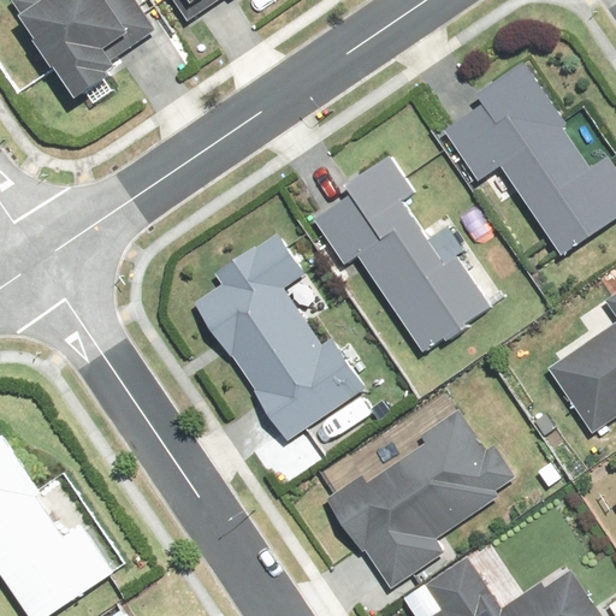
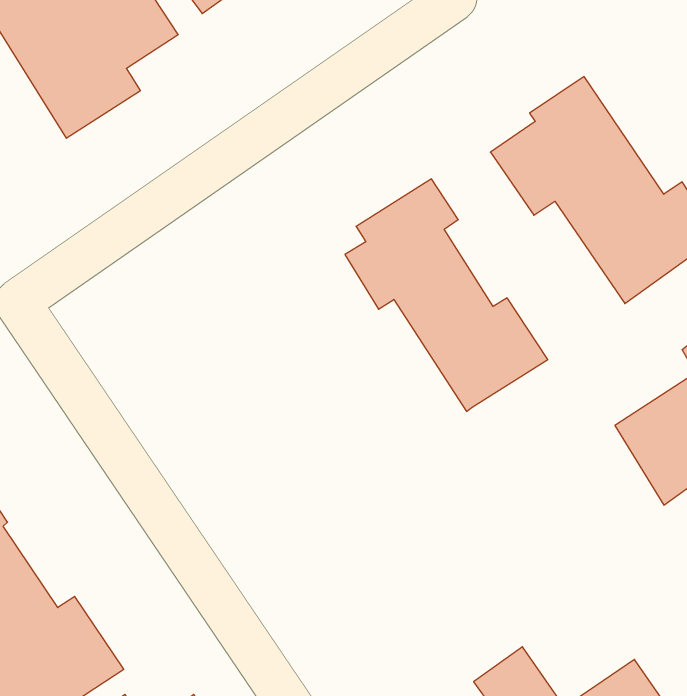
building: [196,236,367,442] -> none
building: [327,405,513,586] -> none

